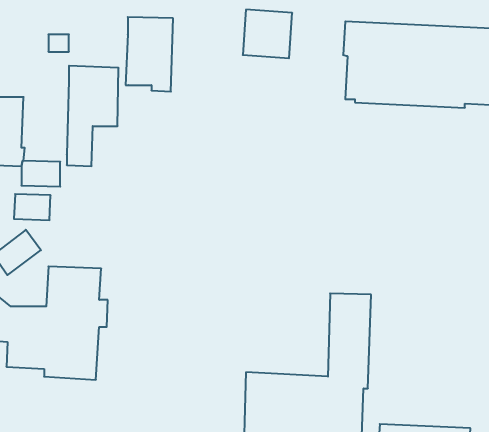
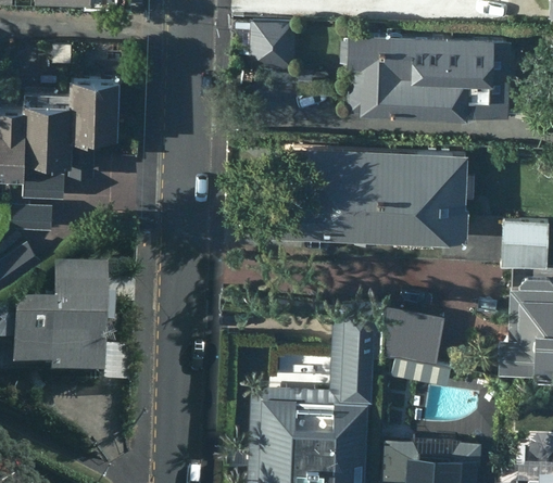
building: [126,17,173,92] -> [24,92,72,167]
building: none -> [275,148,470,241]
building: none -> [384,308,448,384]

